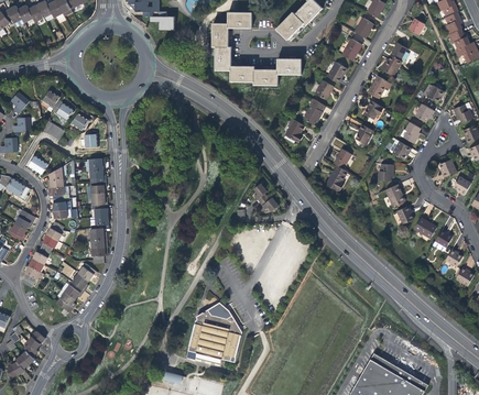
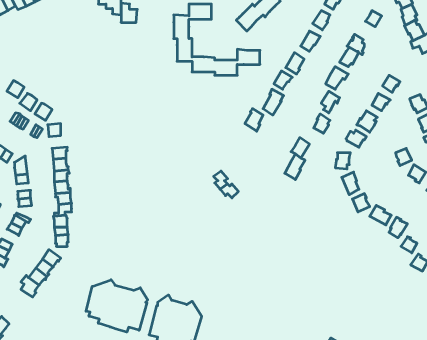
building: none -> [86,280,148,332]

